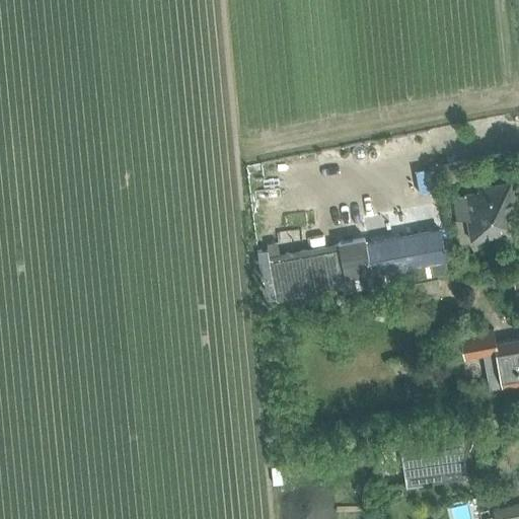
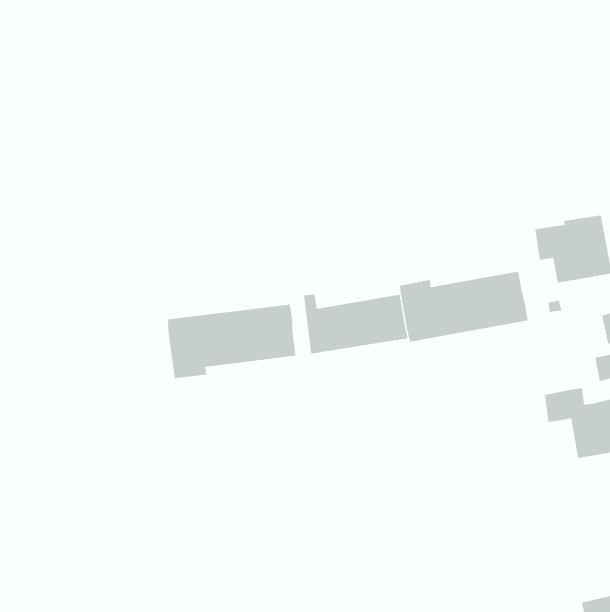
building: none -> [168,304,296,379]
building: [402,442,467,486] -> none

